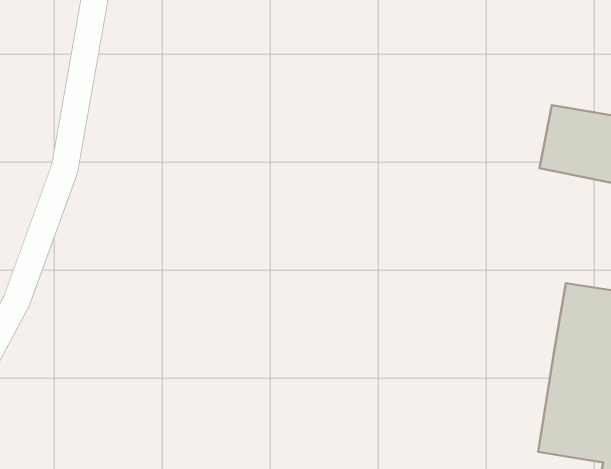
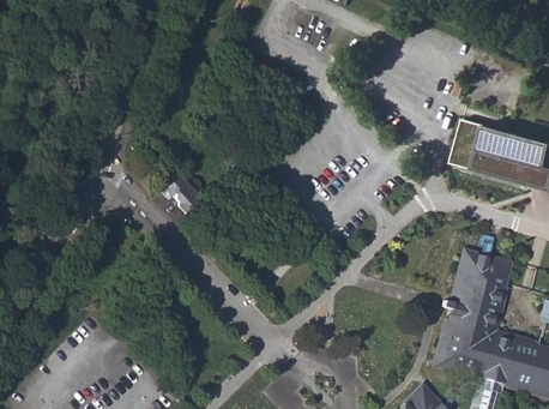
building: none -> [161,176,205,216]

